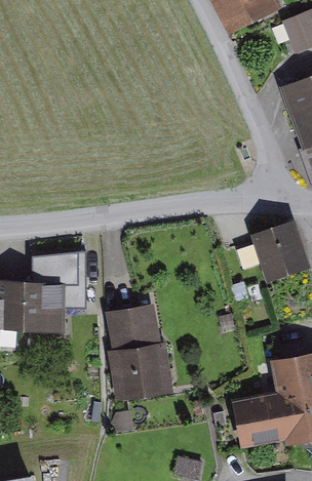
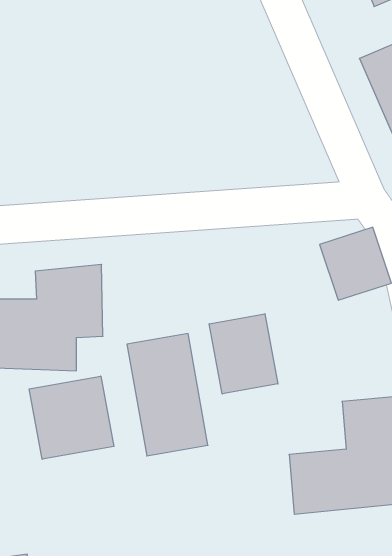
building: none -> [209,314,278,394]
building: none -> [29,376,114,459]

